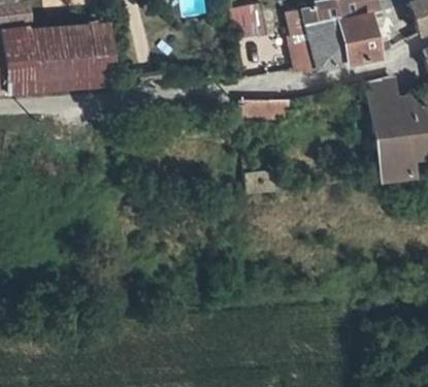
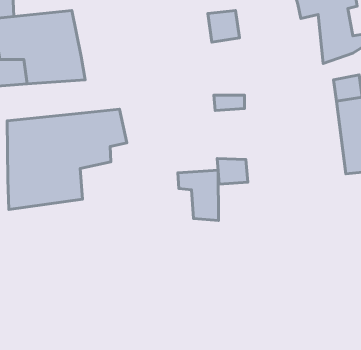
building: [302,7,351,70] -> none
building: none -> [7,109,127,209]
building: none -> [178,170,219,220]

